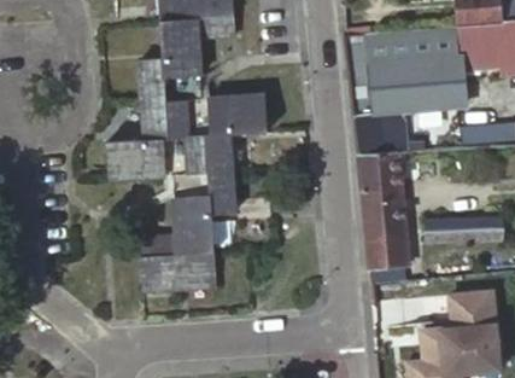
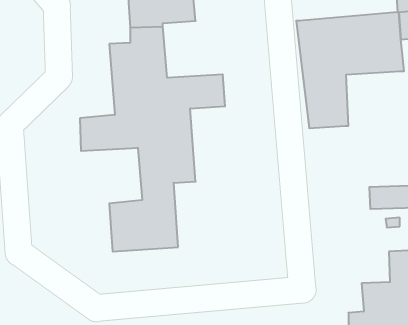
building: [361,152,411,269] -> none

